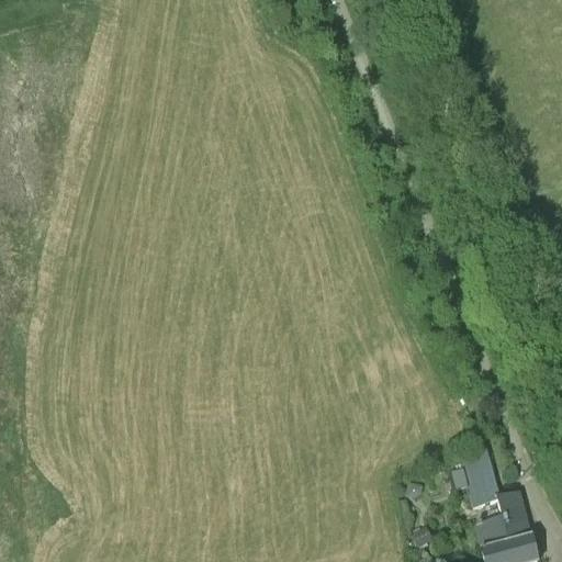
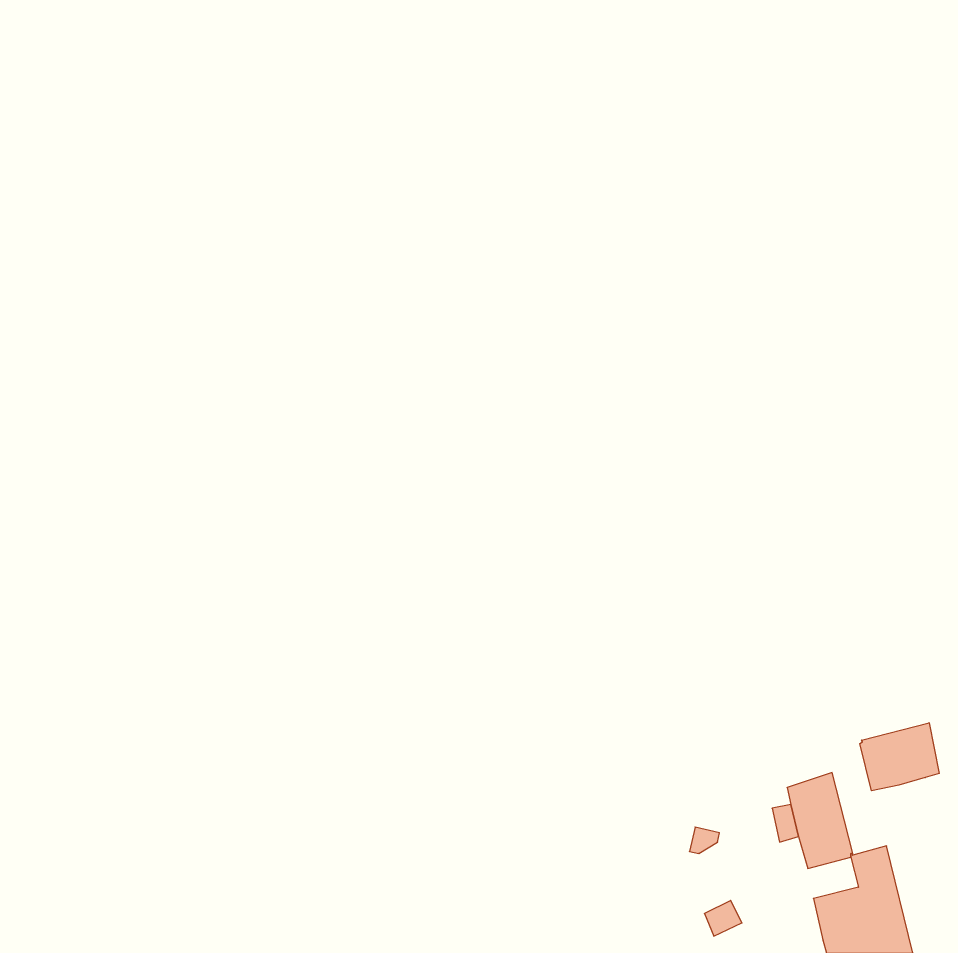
building: none -> [860,723,939,791]

